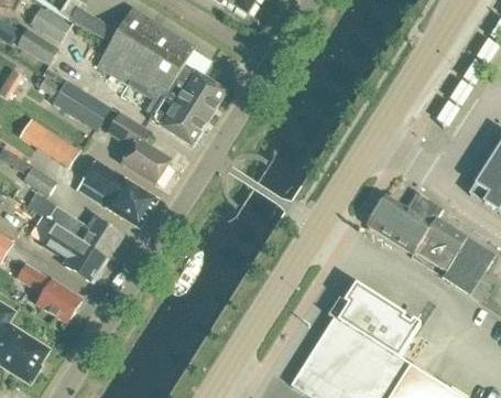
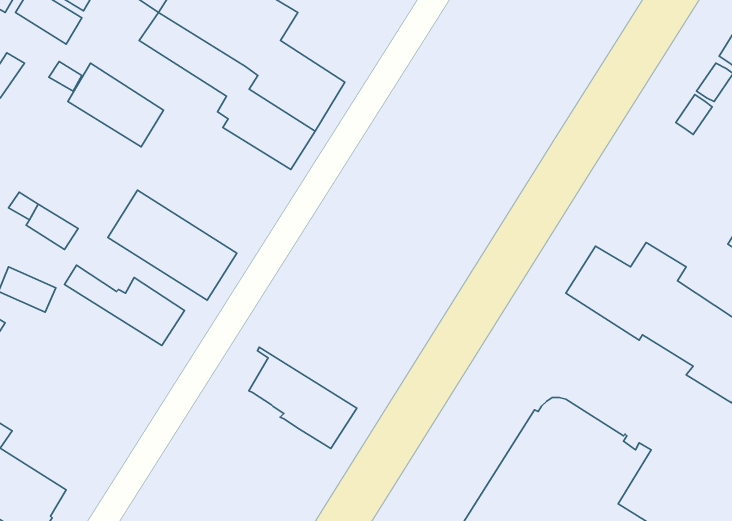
building: [107,110,170,184] -> none
building: [35,130,80,169] -> none
building: [42,218,110,282] -> [249,347,357,448]
building: [17,261,83,324] -> none

